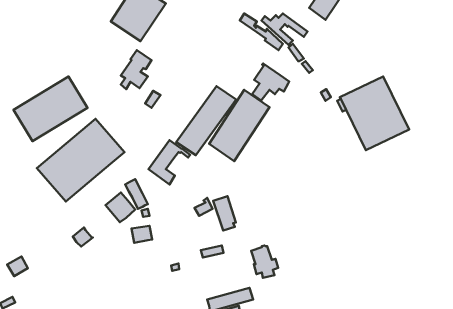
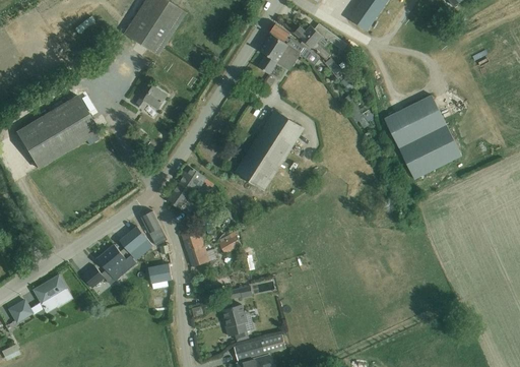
building: [252,64,289,101] -> [258,32,300,73]
building: [176,86,236,155] -> none
building: [37,119,125,202] -> none
building: [213,196,236,230] -> [181,227,206,265]
building: none -> [96,244,136,280]
building: none -> [32,274,71,311]
building: [251,245,278,278] -> [222,303,253,340]

